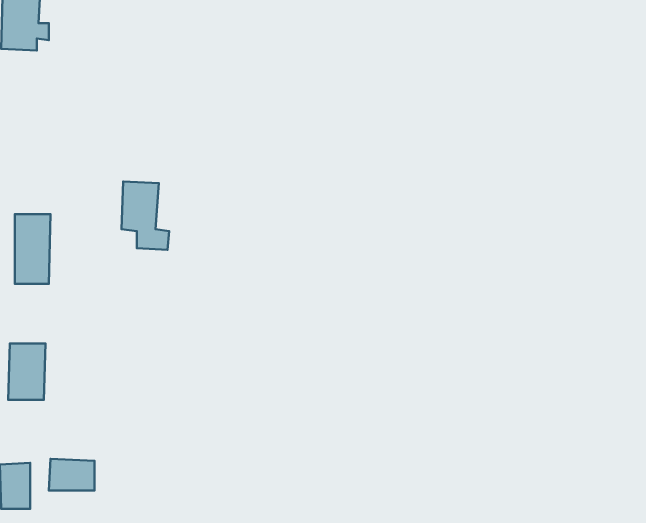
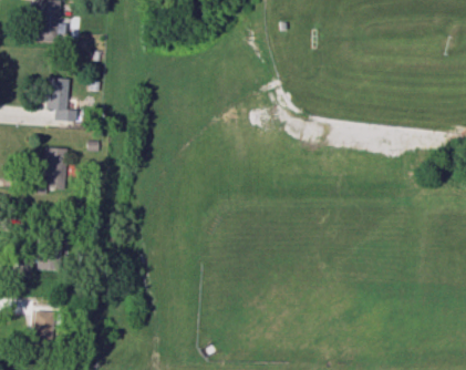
building: [121,182,169,250] -> [45,76,76,121]
building: [49,459,94,490] -> none

